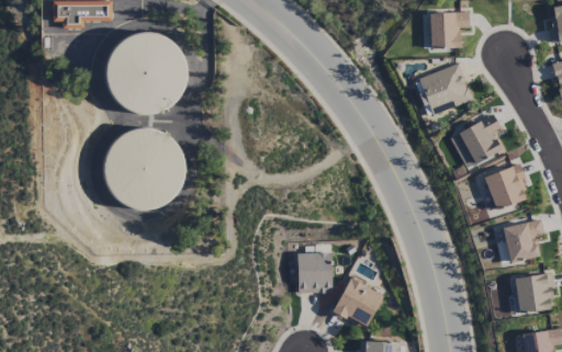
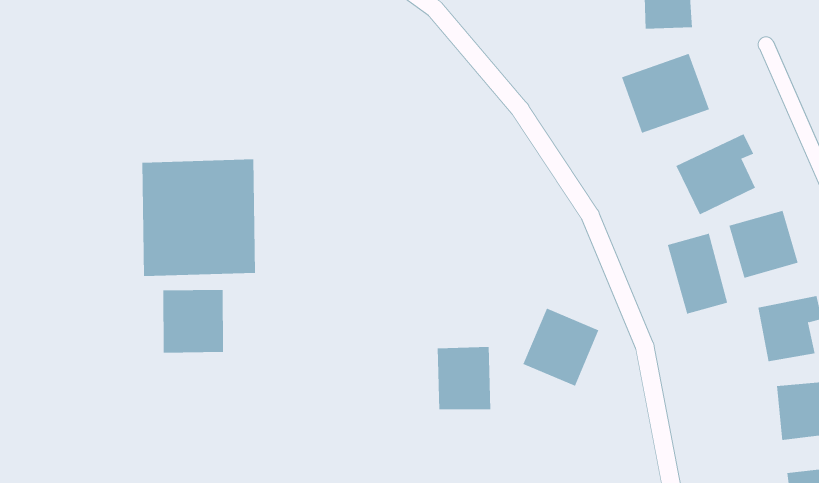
building: [106,35,184,112] -> none
building: none -> [667,233,728,314]
building: none -> [163,289,224,353]
building: [333,279,382,329] -> [522,308,599,386]

